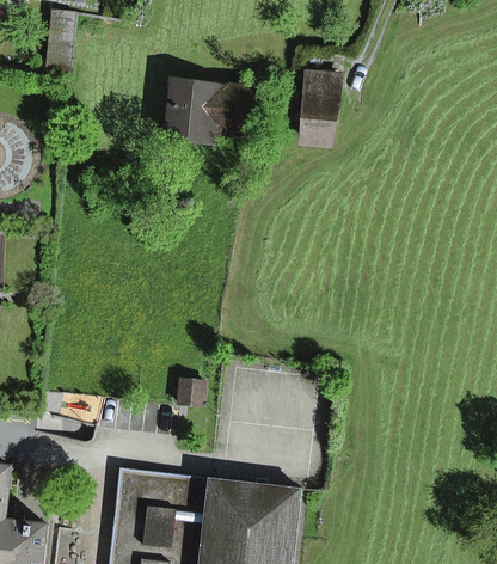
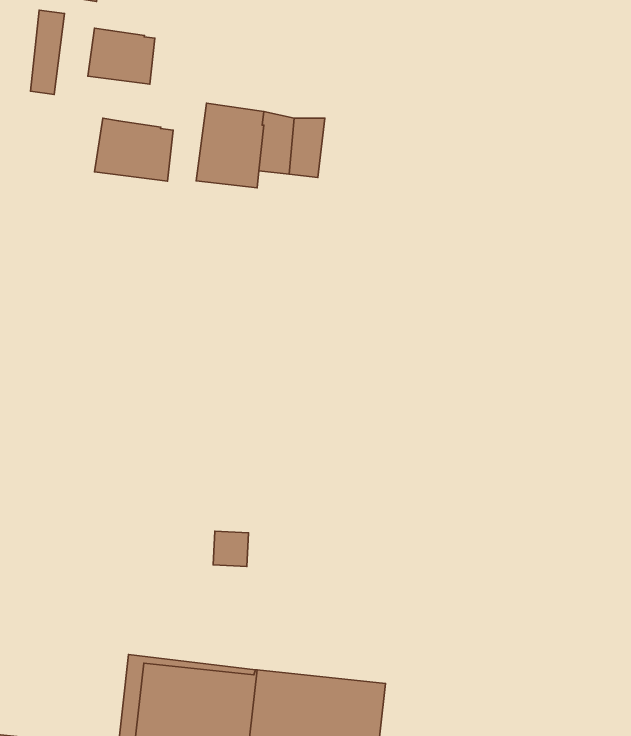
building: none -> [88,28,155,84]
building: [301,72,338,140] -> none
building: none -> [95,118,173,181]

